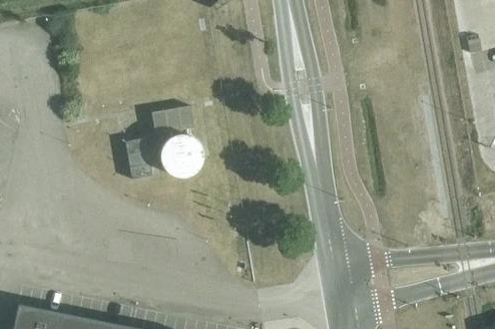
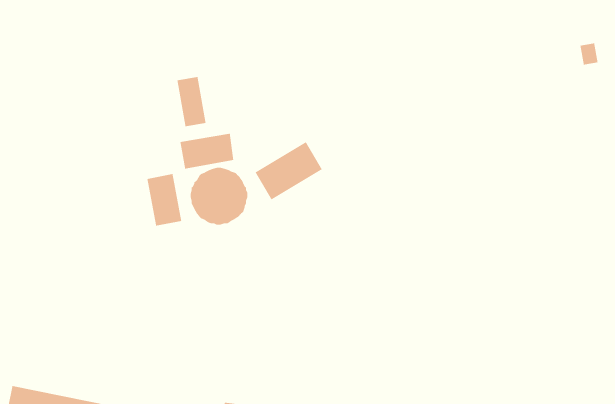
building: none -> [177,76,206,127]
building: none -> [254,141,323,201]

